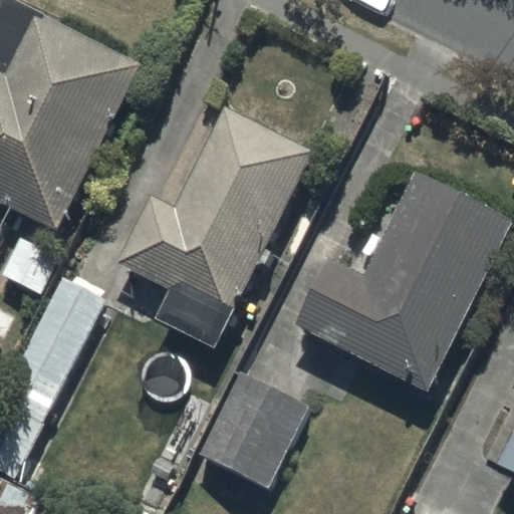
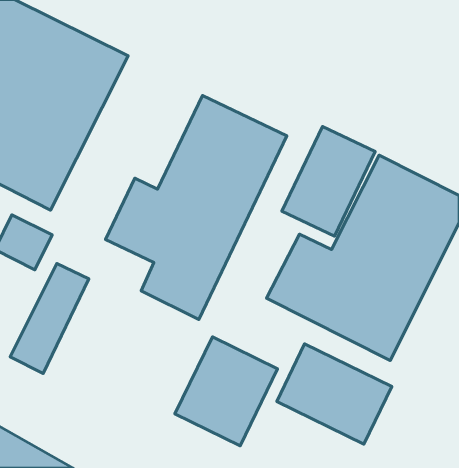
building: none -> [282,126,375,236]
building: none -> [277,344,392,444]

